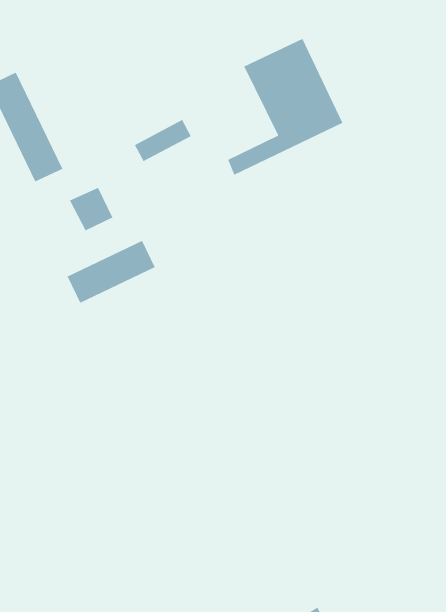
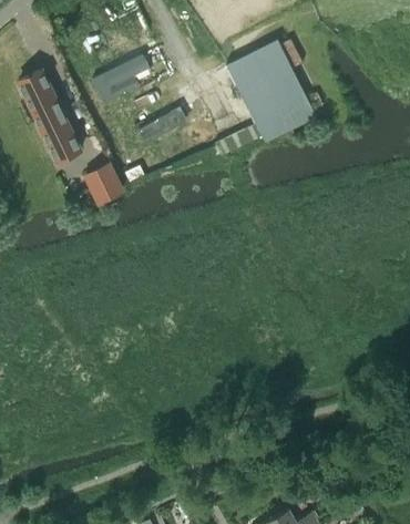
building: none -> [92,55,148,103]
building: [66,240,156,304] -> none

